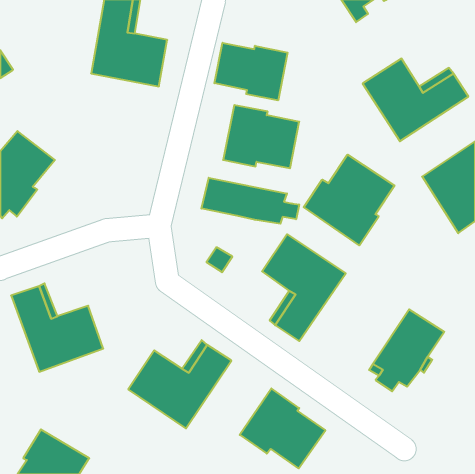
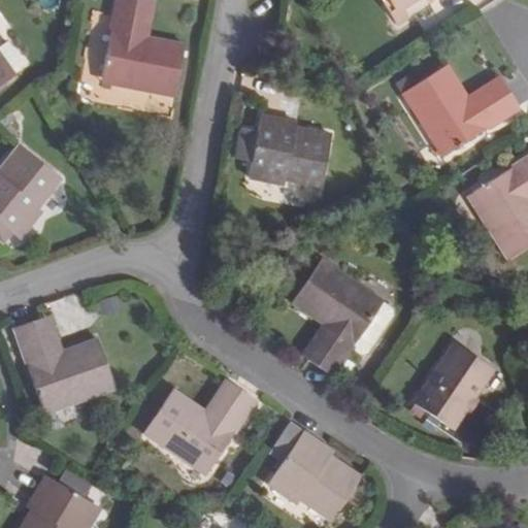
building: [214,43,288,100] -> none
building: [304,155,394,245] -> none
building: [201,178,299,224] -> none

